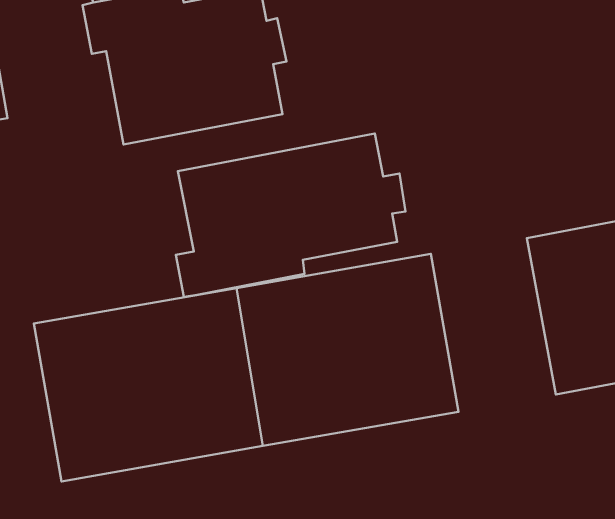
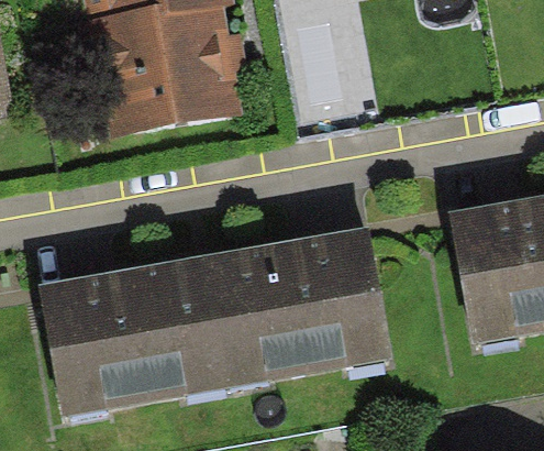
building: [176,134,406,297] -> none

